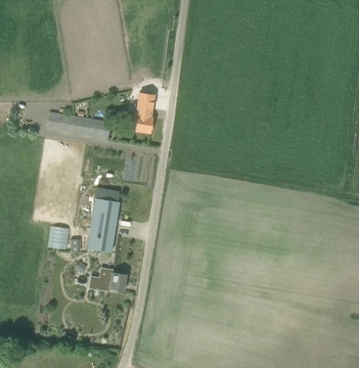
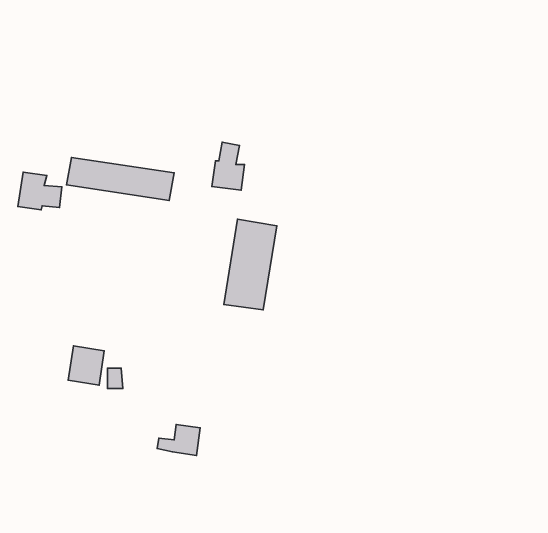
building: none -> [18,172,62,210]
building: [87,197,119,251] -> [224,219,277,310]

